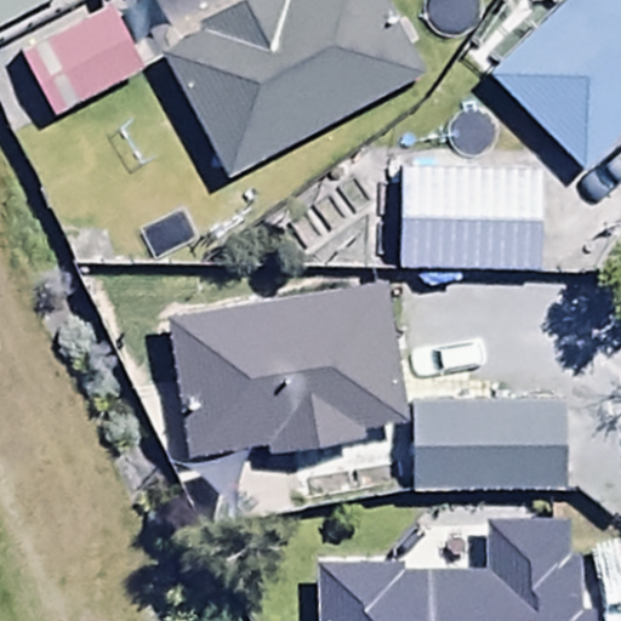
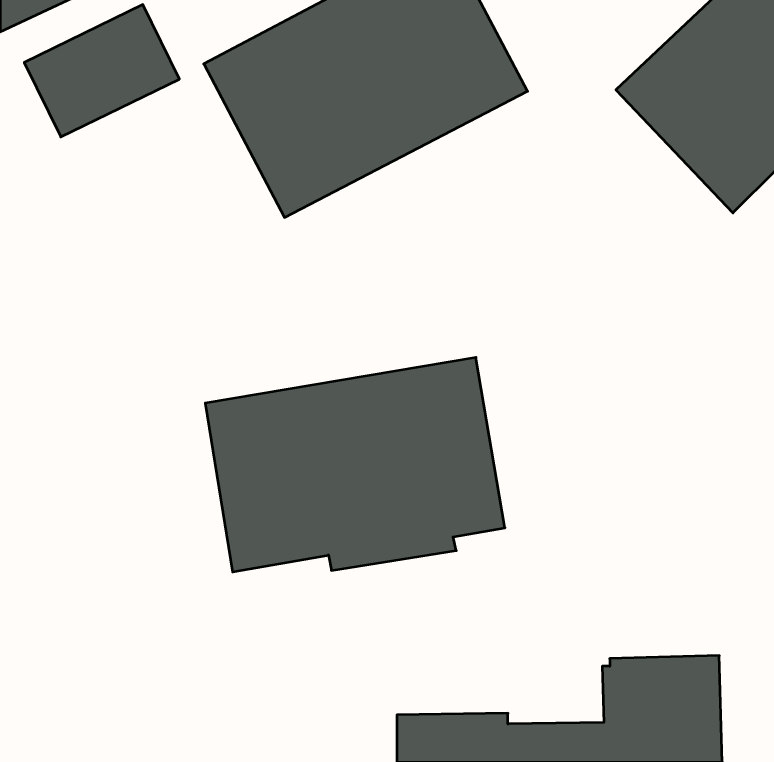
building: [400,167,547,268] -> none
building: [415,400,569,489] -> none

